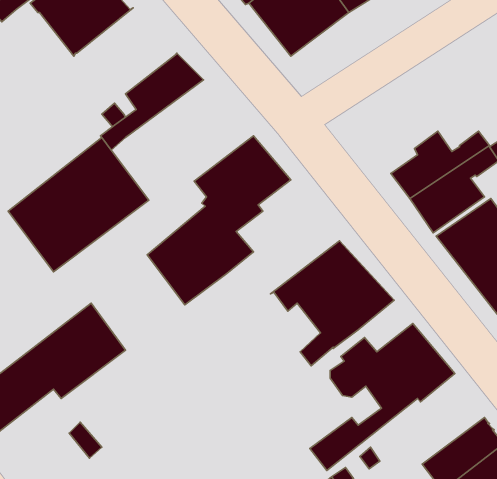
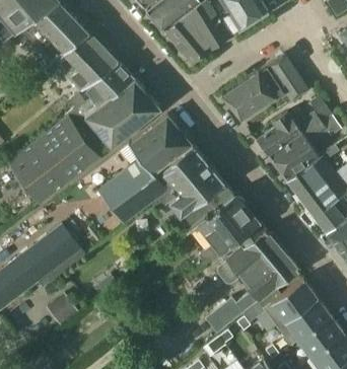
building: none -> [53,33,117,91]
building: none -> [221,55,307,120]
building: none -> [84,79,160,148]
building: none -> [150,144,223,218]
building: none -> [235,222,271,255]
building: none -> [262,279,318,328]

